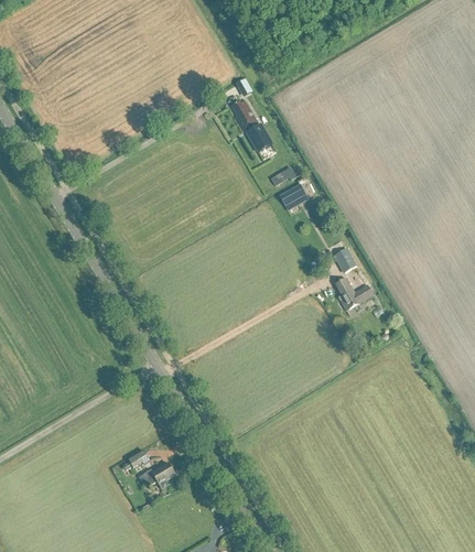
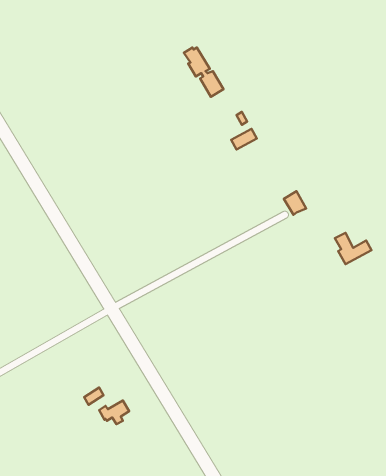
building: [336,278,374,310] -> [335,233,371,264]

